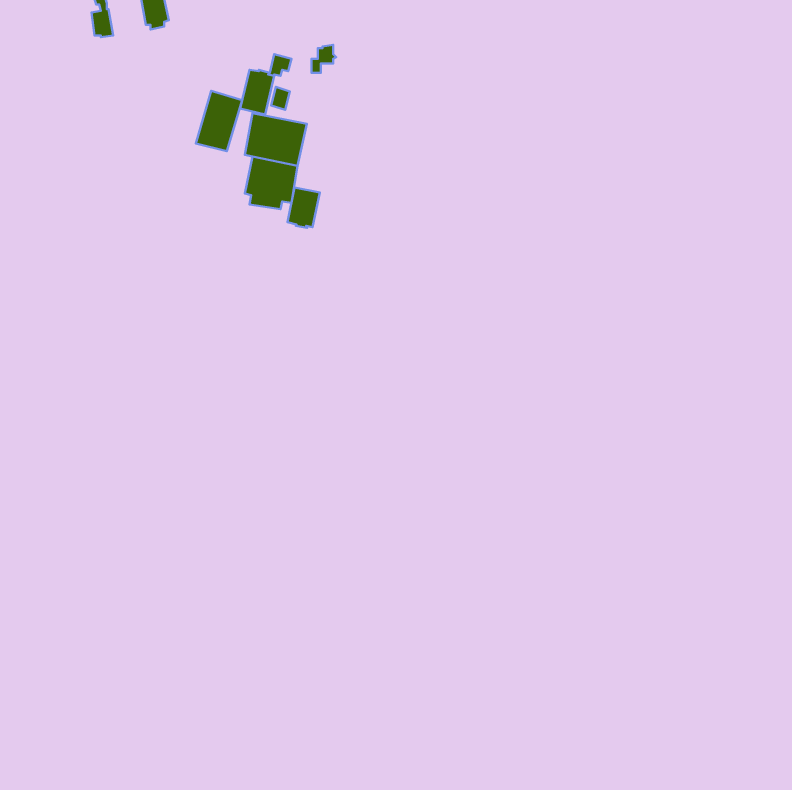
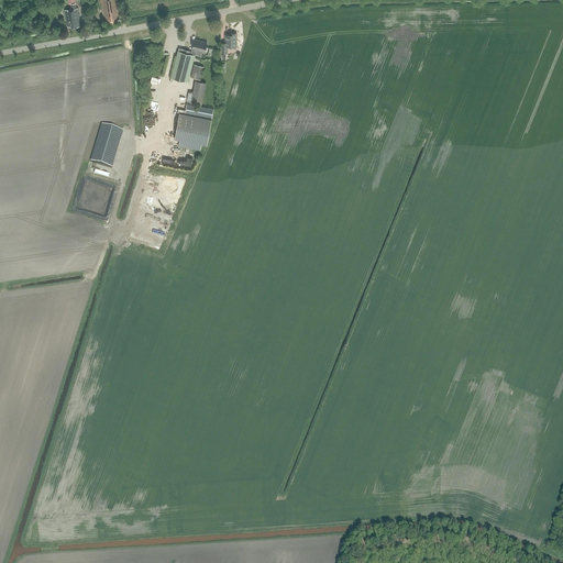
building: [196,91,242,151] -> [90,124,123,167]
building: [287,187,320,228] -> none

